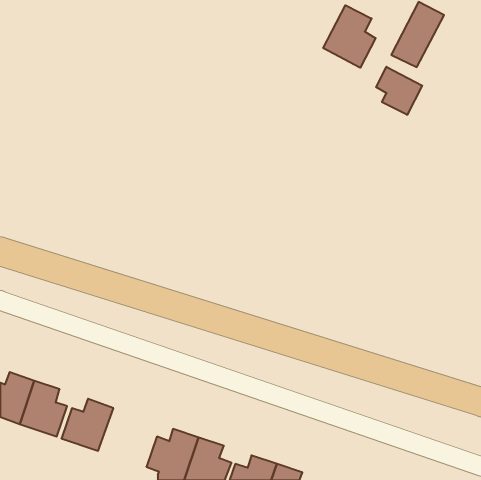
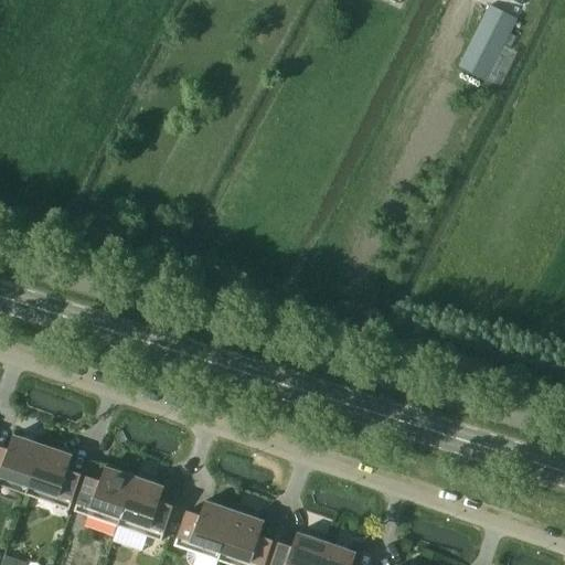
building: [323,5,376,68] -> none
building: [376,67,422,115] -> none
building: none -> [117,477,172,541]

